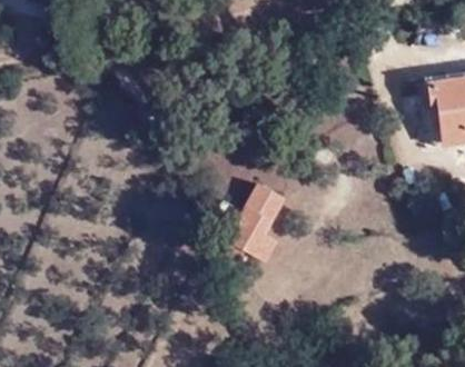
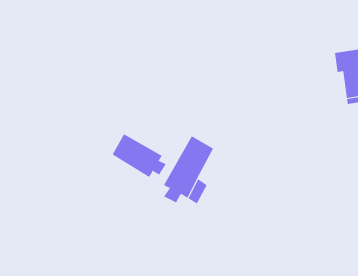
building: none -> [112,134,167,178]

